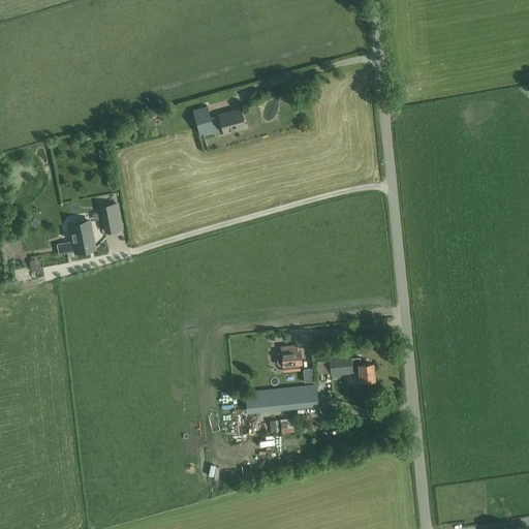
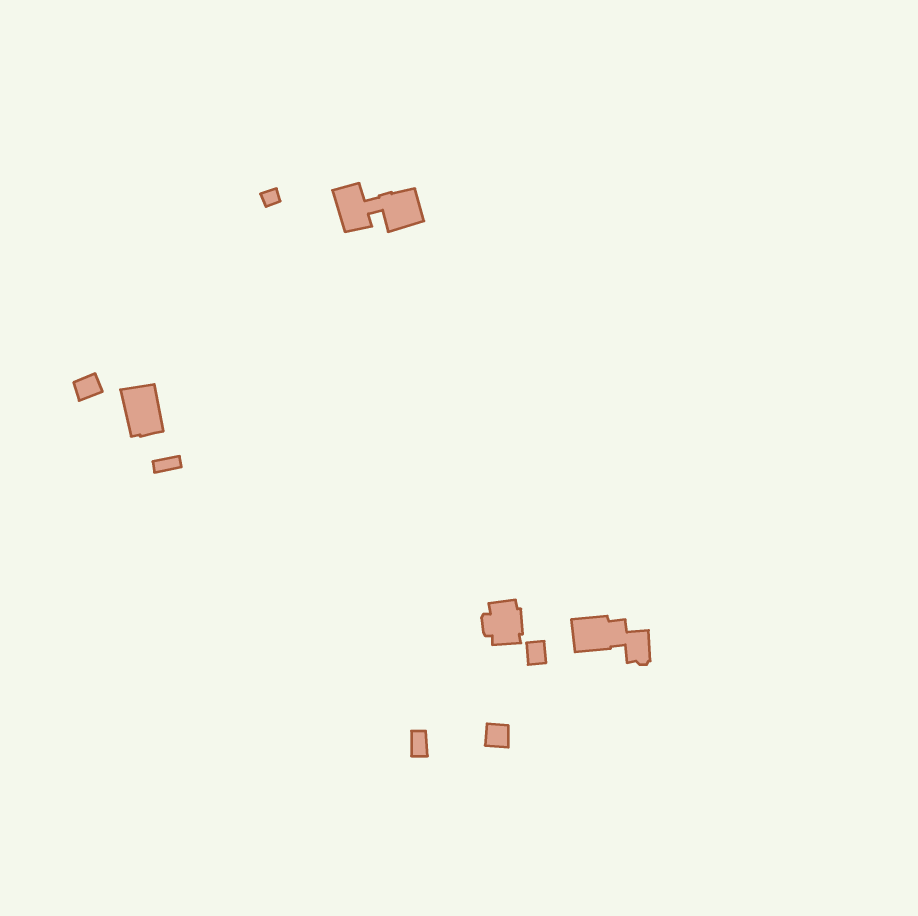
building: [100,205,122,232] -> none
building: [254,385,318,413] -> none

